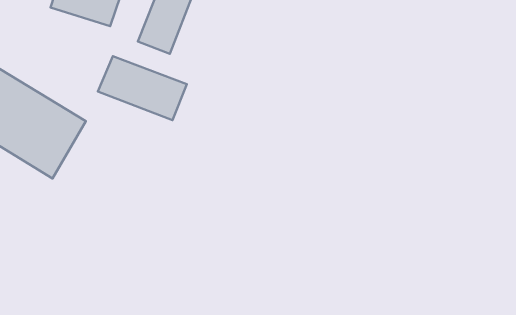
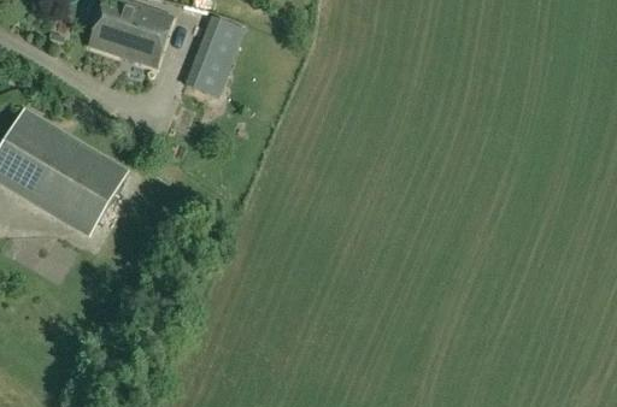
building: [98,56,187,120] -> none

